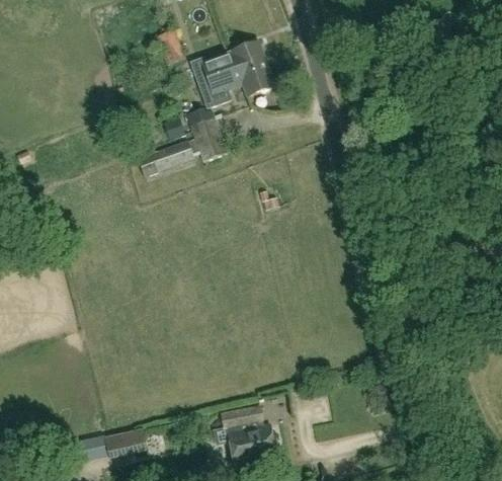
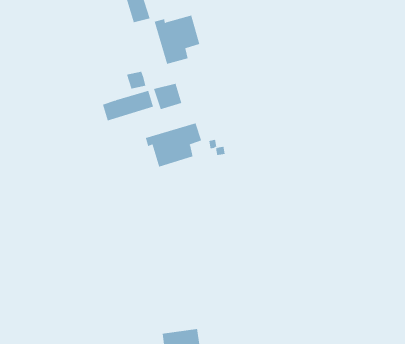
building: [231,39,276,95] -> none
building: [185,107,219,137] -> none
building: none -> [145,123,202,167]

